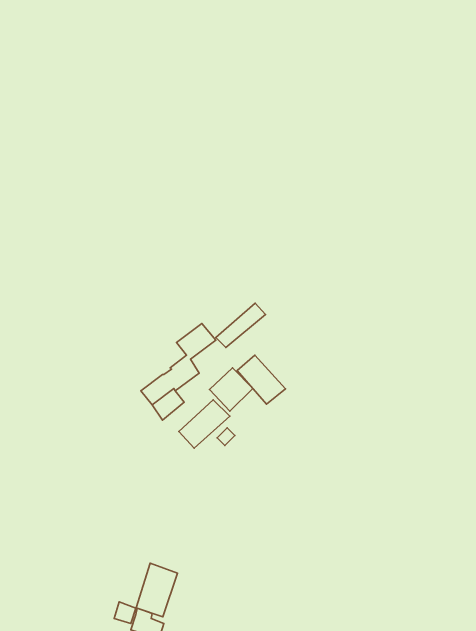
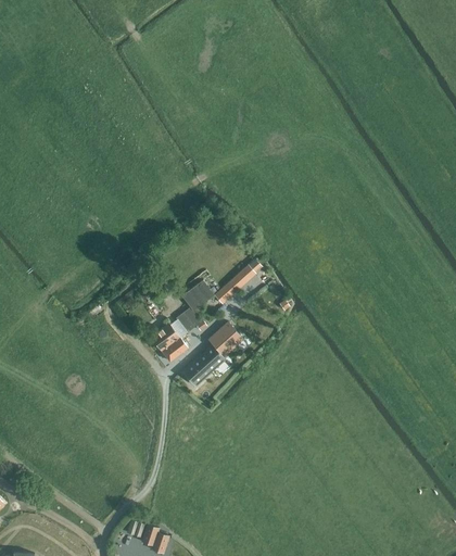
building: [237,355,285,404] -> none
building: [136,563,177,617] -> none

